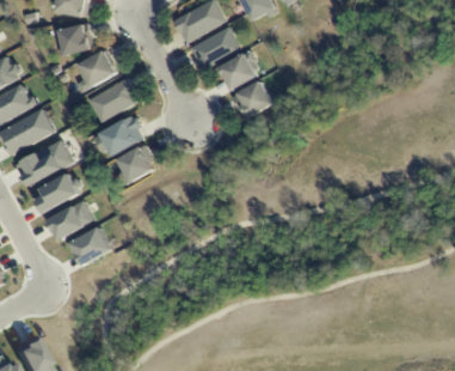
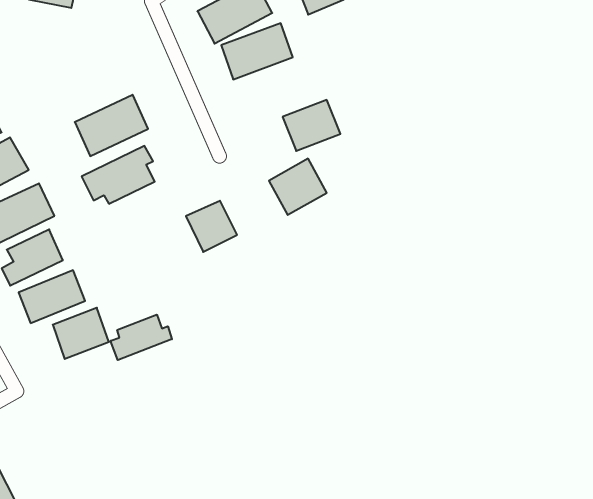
building: [59,24,90,54] -> none
building: [75,49,116,91] -> none
building: [217,51,258,91] -> [269,159,327,215]
building: [117,146,153,182] -> [186,201,237,252]
building: none -> [111,315,172,360]

